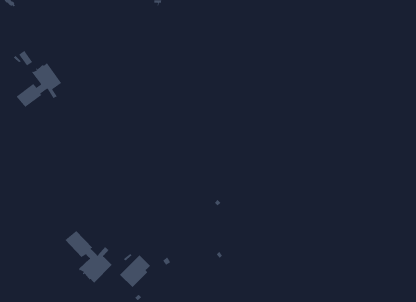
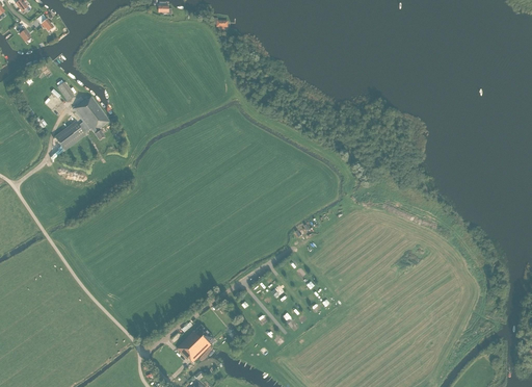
building: [64,230,113,283] -> none

